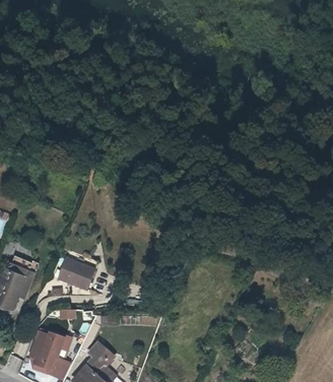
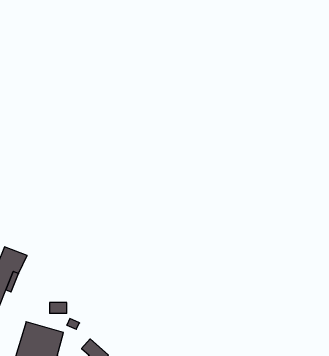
building: [58,258,95,289] -> none

